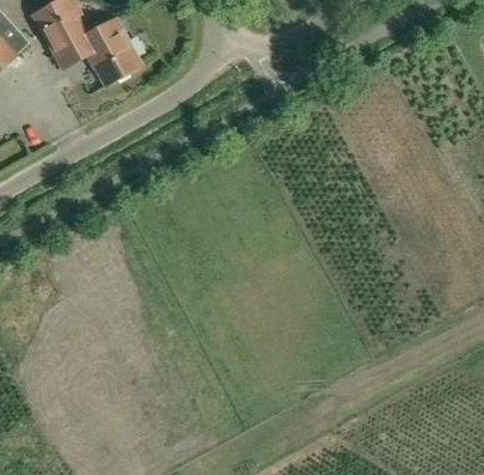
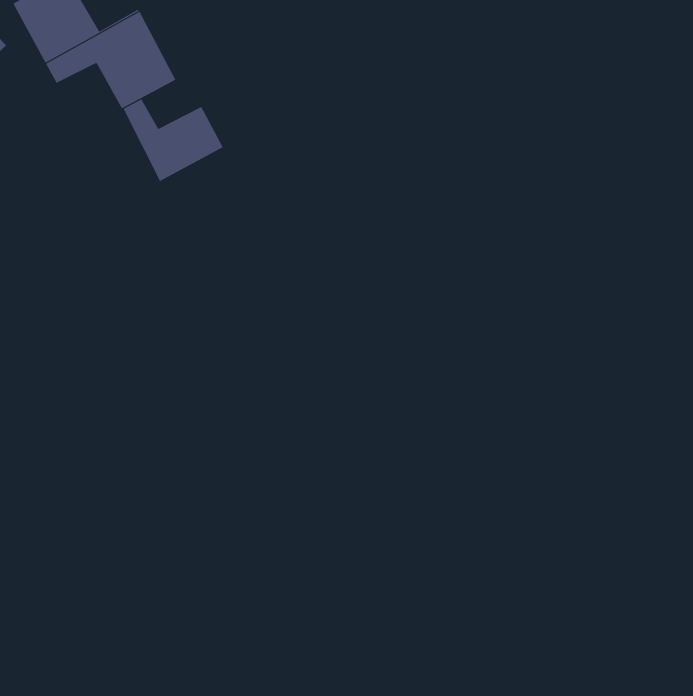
building: none -> [123,99,223,182]

